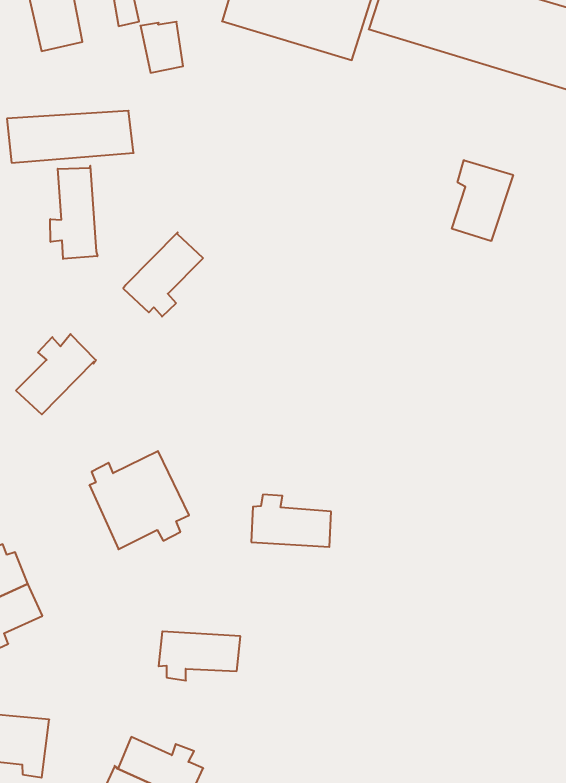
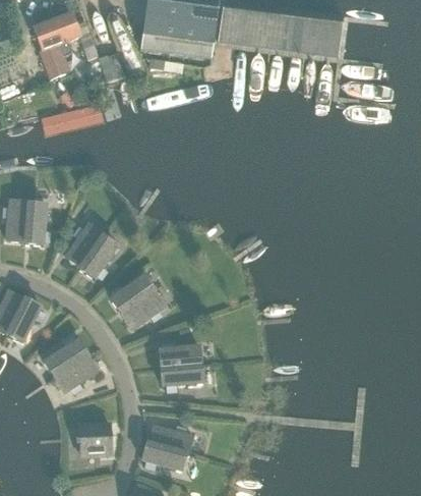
building: [452,160,513,241] -> none
building: [50,166,97,259] -> none
building: [123,232,203,317] -> [79,234,118,279]
building: [251,495,331,547] -> [159,341,201,368]

